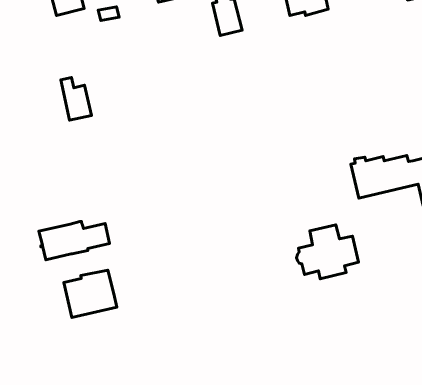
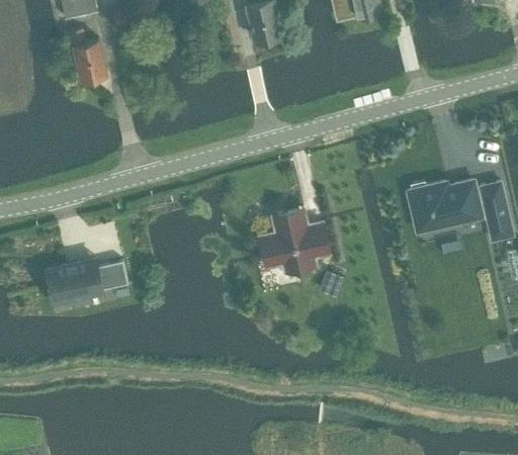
building: [61,77,91,120] -> [71,30,106,80]
building: [297,225,359,279] -> [258,210,330,273]
building: [64,270,117,317] -> none

